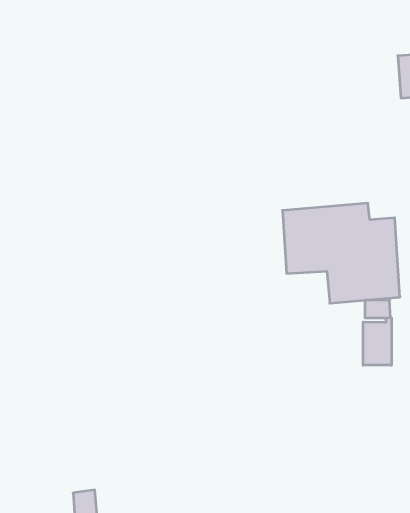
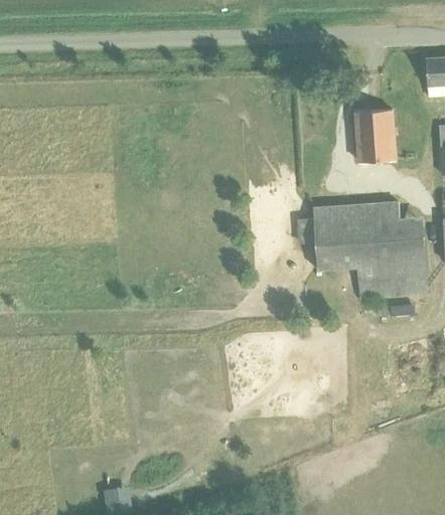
building: none -> [354,110,394,162]
building: [363,318,391,365] -> none

